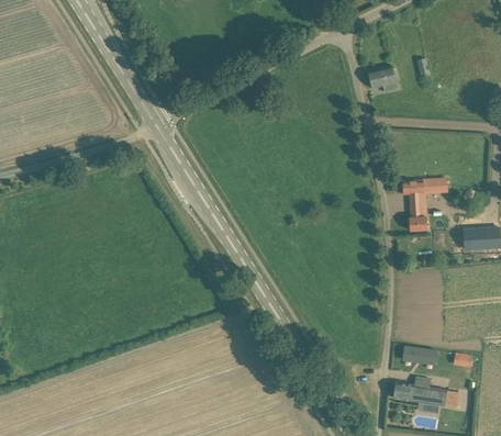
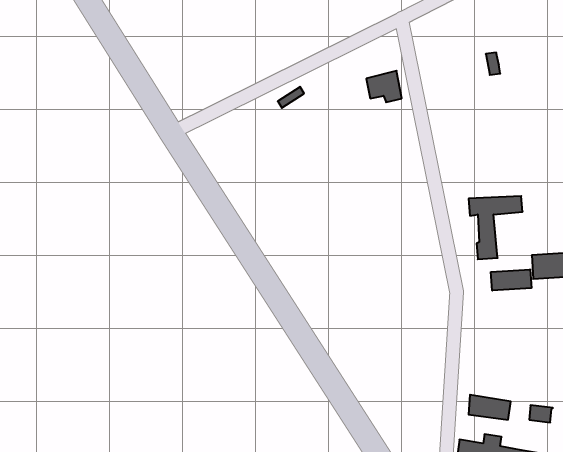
building: [368,66,398,92] -> [366,71,402,102]
building: none -> [491,269,531,291]

